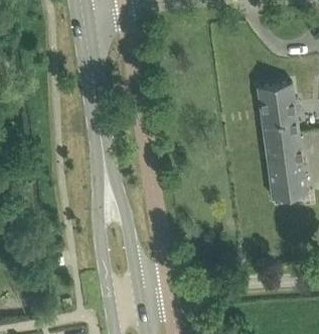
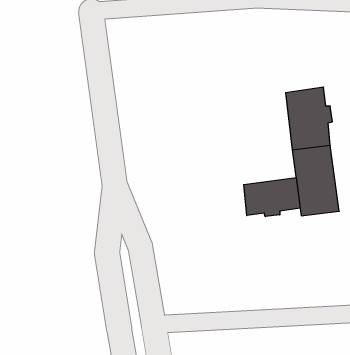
building: none -> [244,177,300,217]

